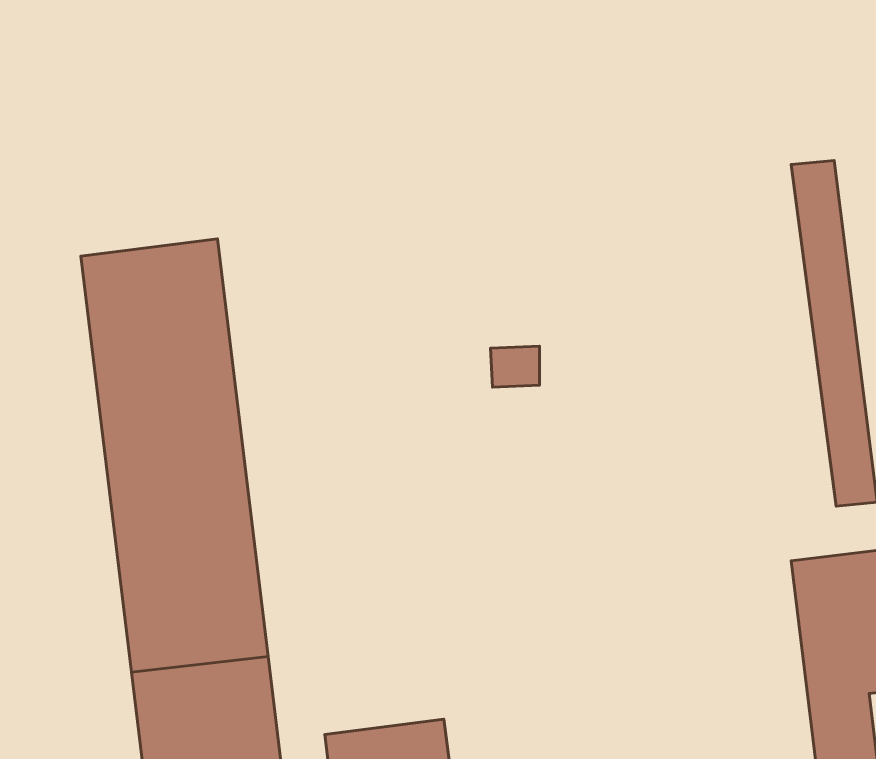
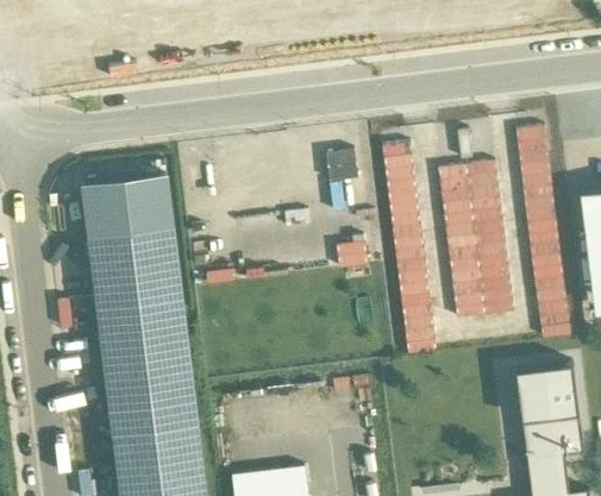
building: none -> [381,143,436,353]
building: none -> [325,147,355,176]
building: none -> [440,161,513,319]

